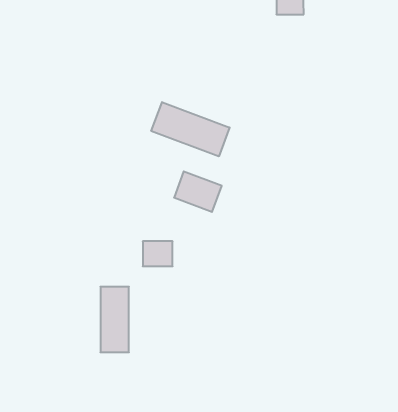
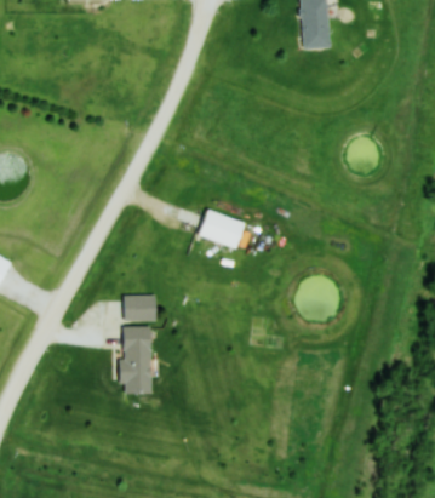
building: [151,102,230,156] -> none
building: [143,241,173,266] -> [125,296,155,321]

